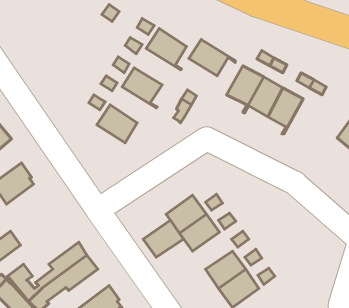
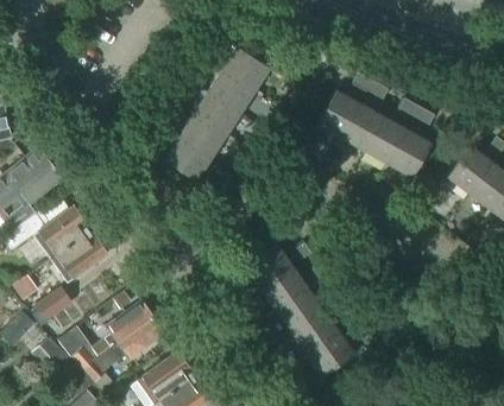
building: [189,40,235,76] -> [207,70,262,113]
building: none -> [178,115,233,158]
building: none -> [384,129,431,177]
building: none -> [56,230,108,283]
building: [143,220,183,257] -> [276,287,323,331]

